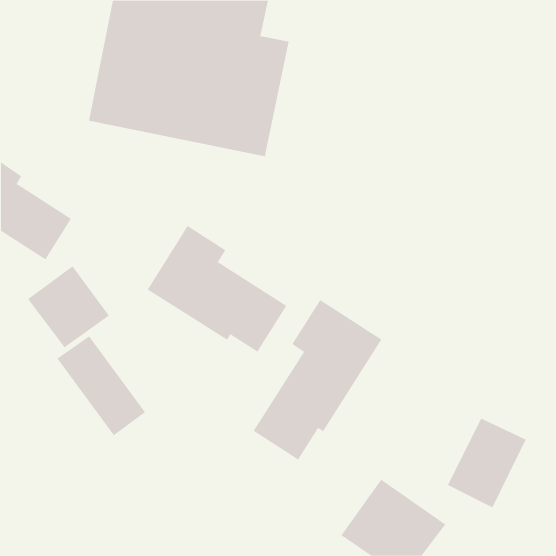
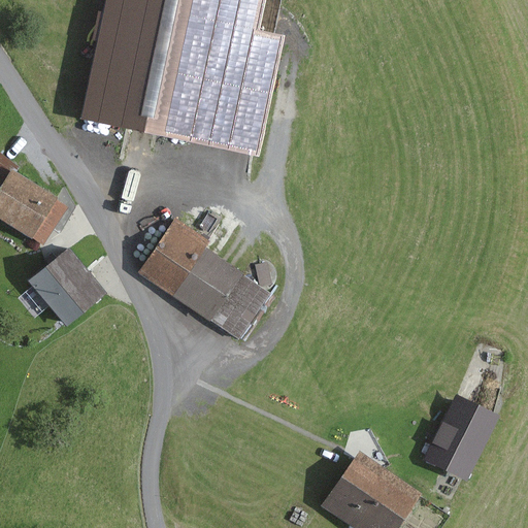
building: [253,299,382,460] -> none
building: [57,336,146,436] -> none

